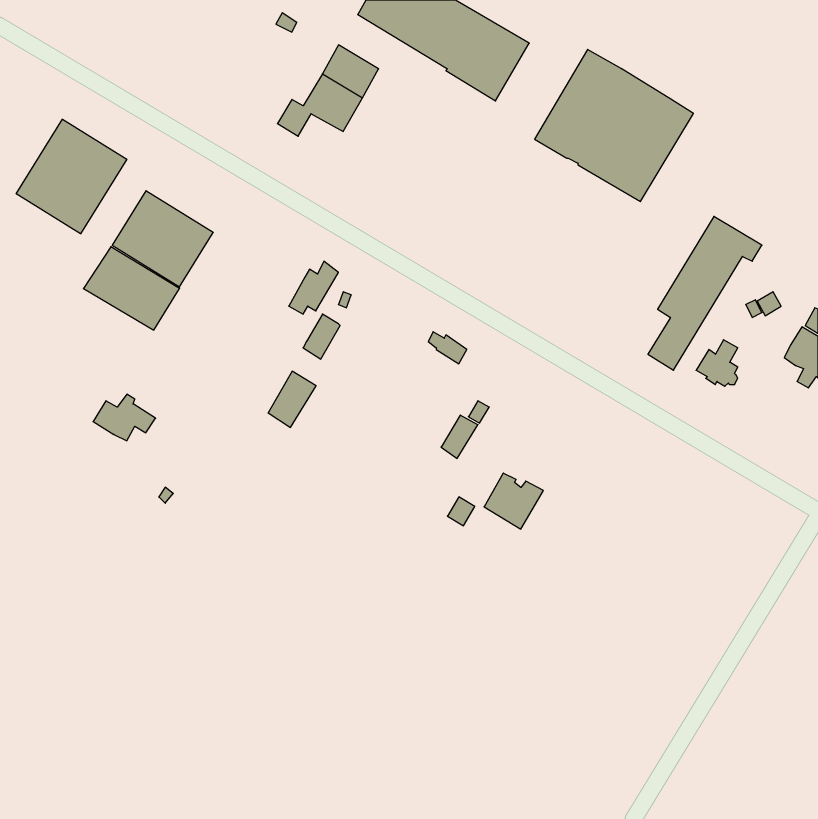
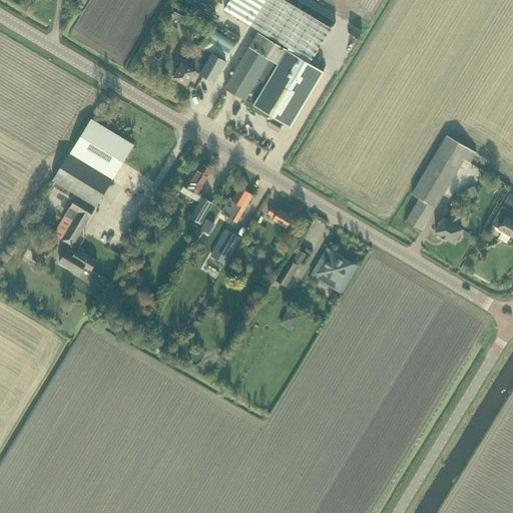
building: [535,49,693,202] -> [224,32,324,127]
building: [16,119,127,234] -> none
building: none -> [220,187,253,222]
building: none -> [52,196,95,246]
building: [268,371,316,427] -> [210,229,240,265]
building: [484,473,543,529] -> [317,252,354,288]

